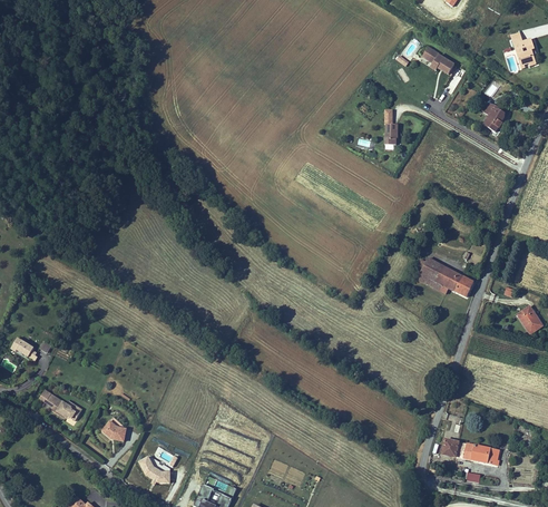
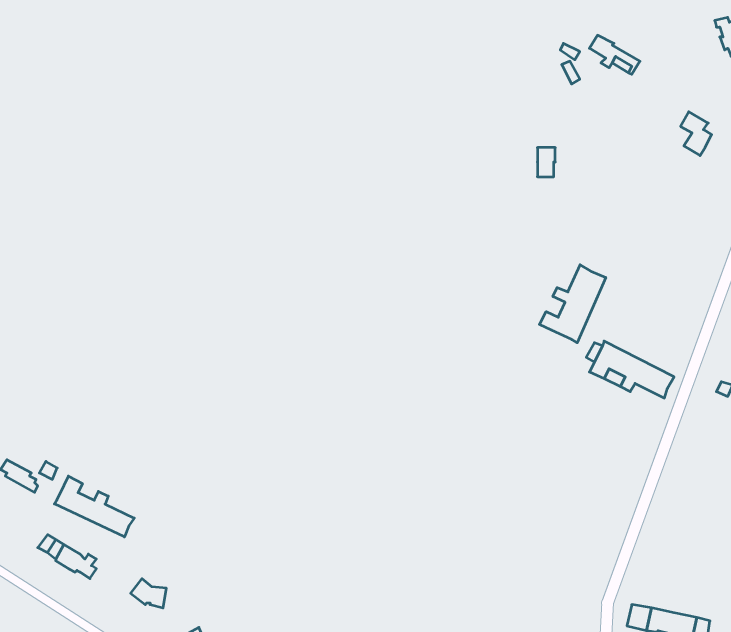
building: none -> [539,265,606,343]
building: none -> [54,476,134,537]

